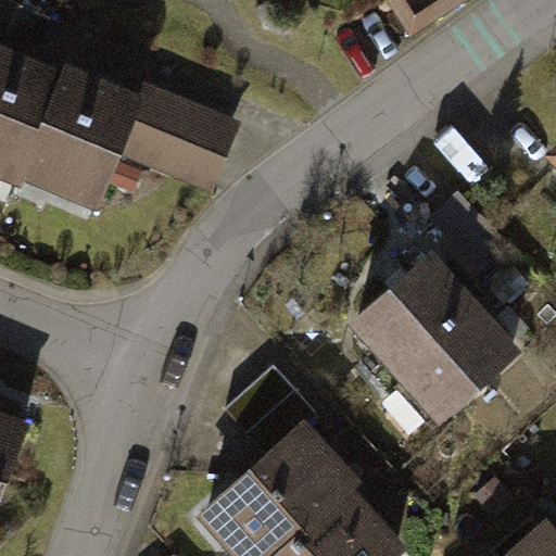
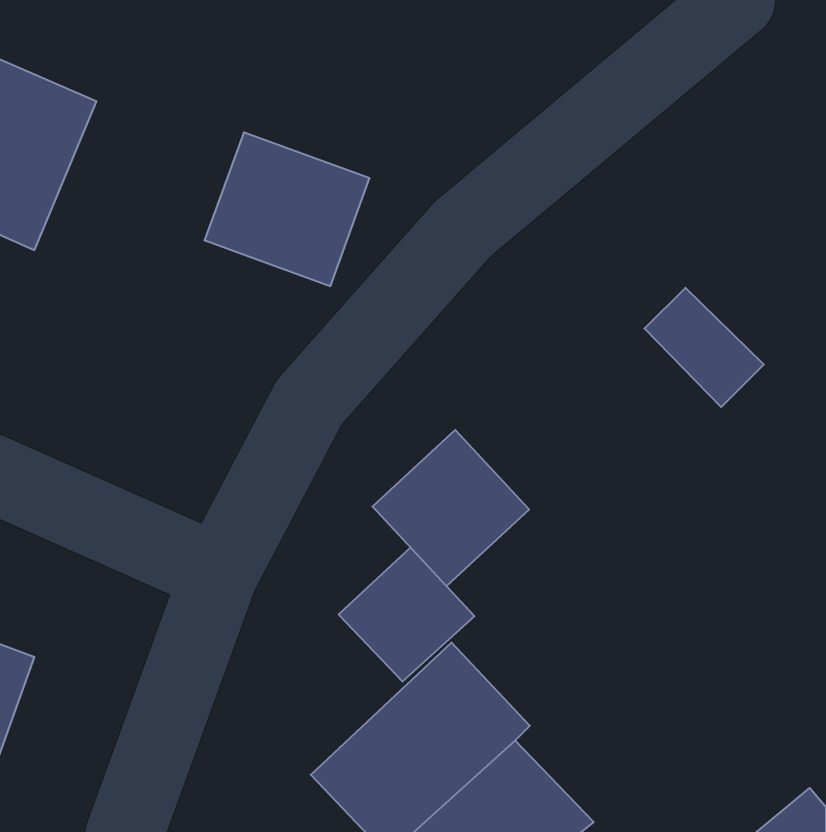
building: [23,70,138,199] -> none
building: [354,258,509,416] -> none
building: none -> [372,430,529,586]

